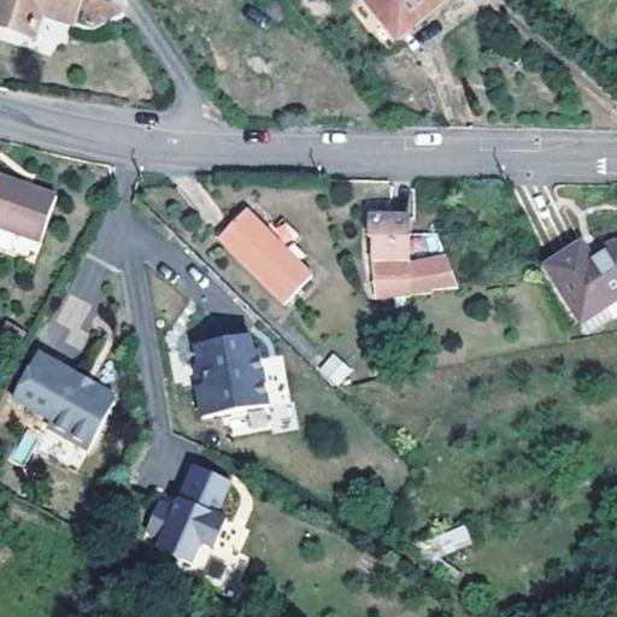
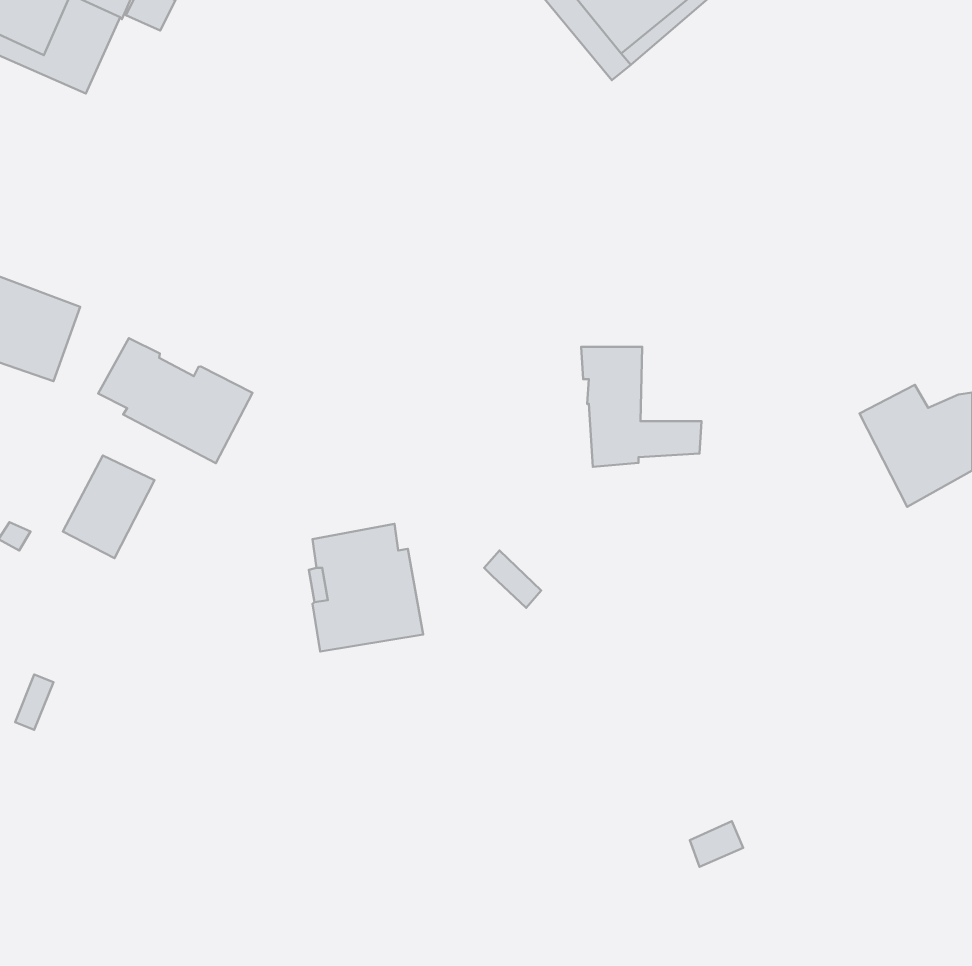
building: [221,208,311,298] -> none
building: none -> [98,338,252,463]
building: [12,349,113,445] -> none
building: [145,462,230,559] -> none

